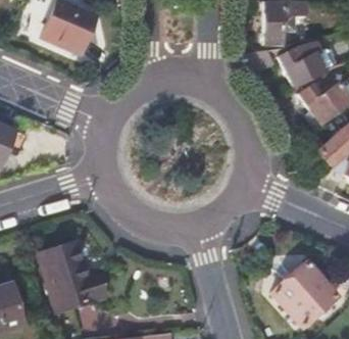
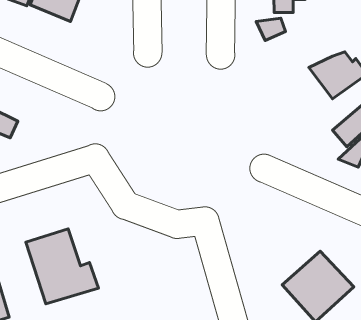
building: [281,47,327,87] -> none

